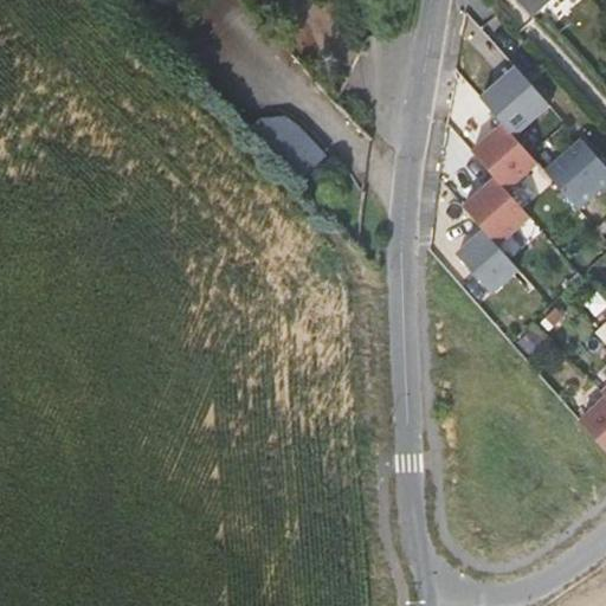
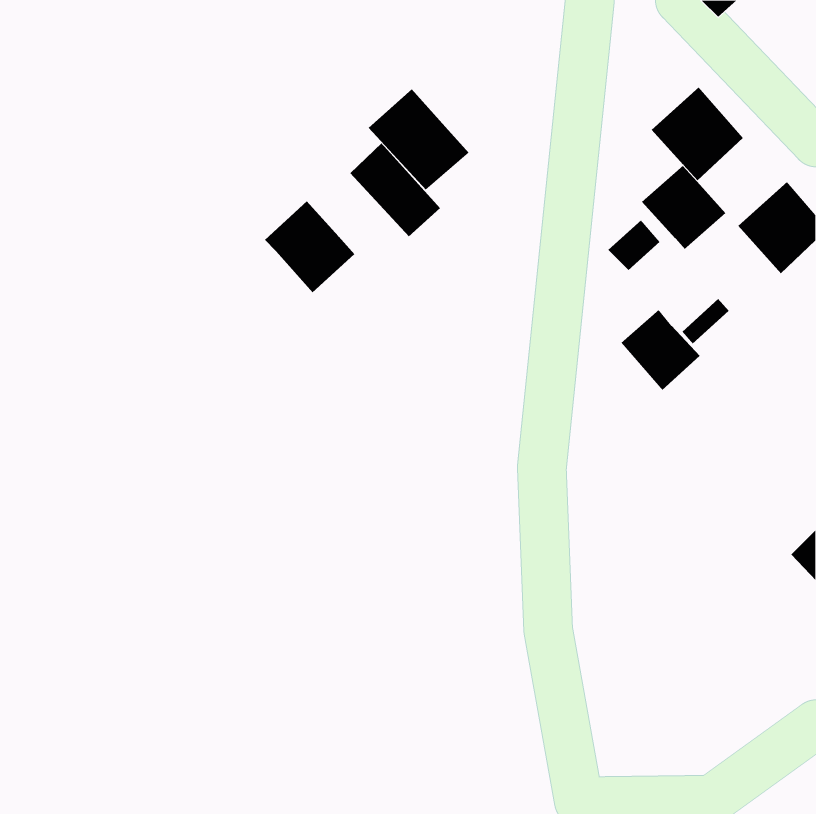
building: none -> [368,88,470,191]
building: none -> [264,201,355,293]
building: [465,180,528,244] -> none

